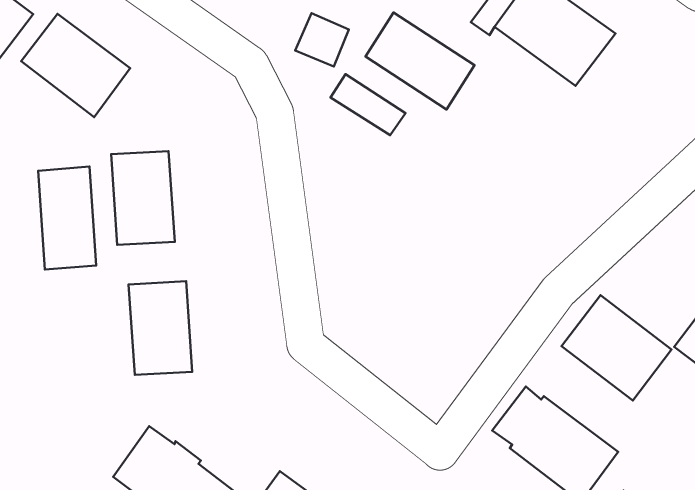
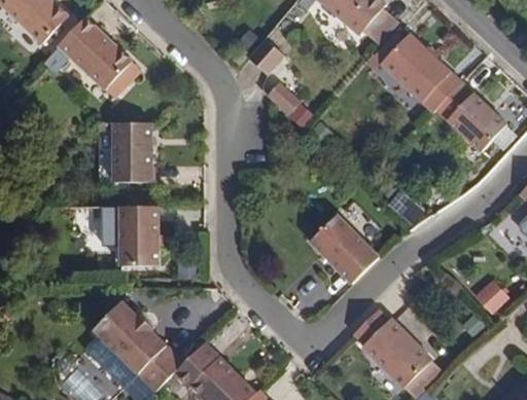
building: [365,12,474,109] -> none
building: none -> [434,80,511,154]
building: [38,167,96,270] -> none
building: [562,295,672,400] -> [307,210,381,284]

